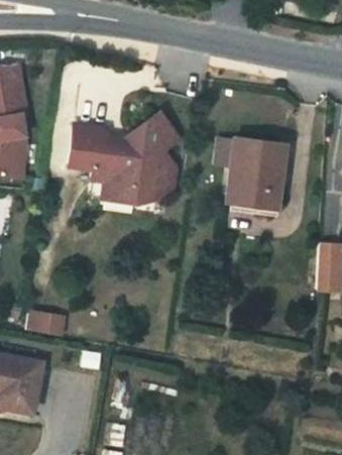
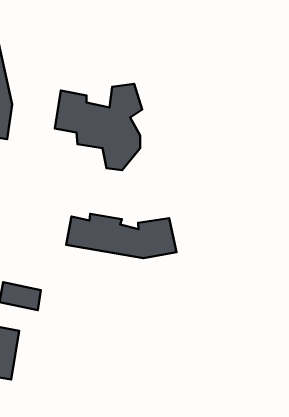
building: [215,138,288,210] -> none
building: none -> [66,214,176,258]

